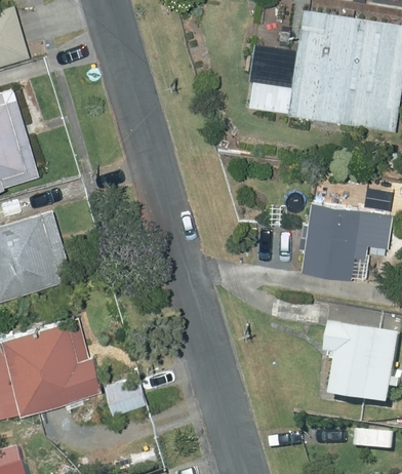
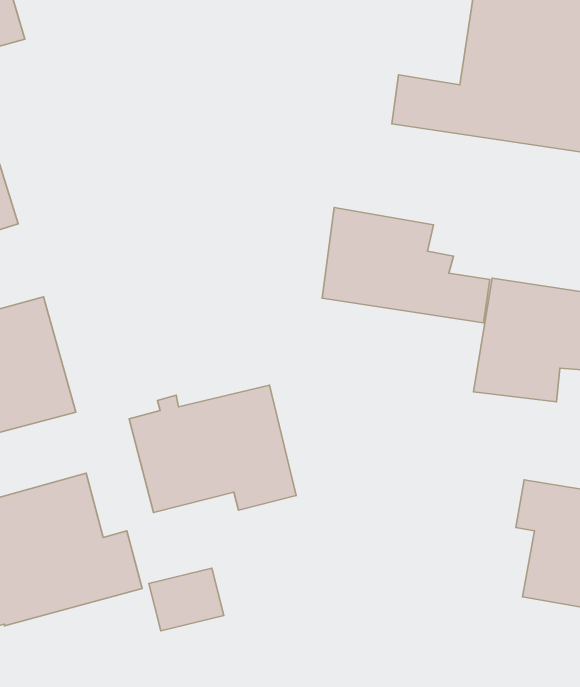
building: none -> [322,208,490,323]
building: none -> [129,385,296,513]

